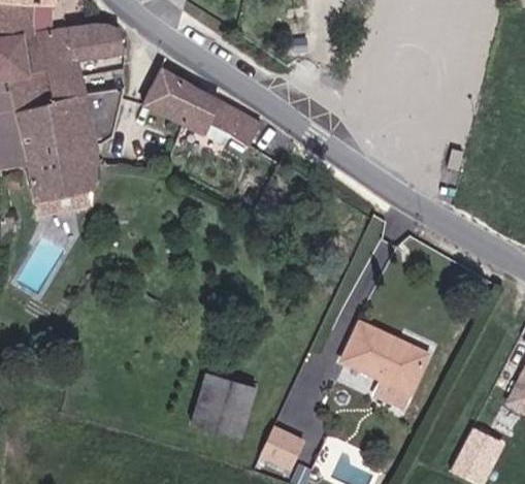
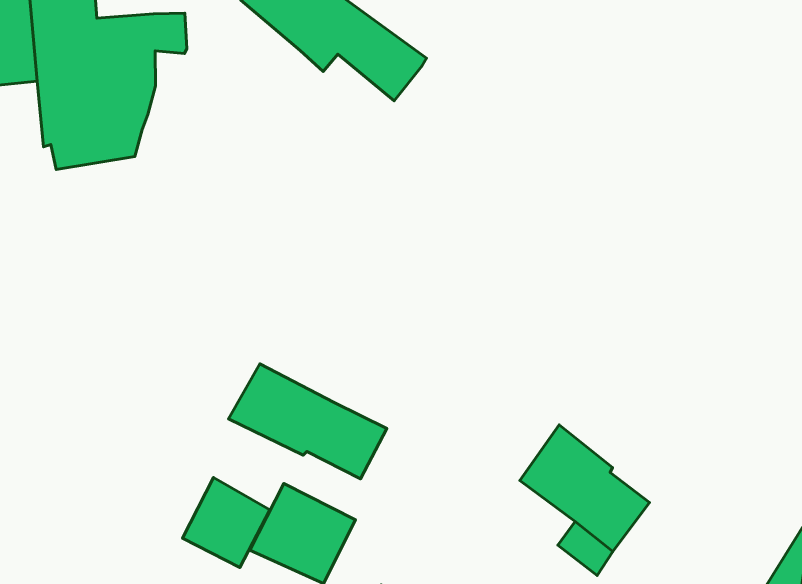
building: none -> [229,364,387,479]
building: none -> [183,477,270,568]

